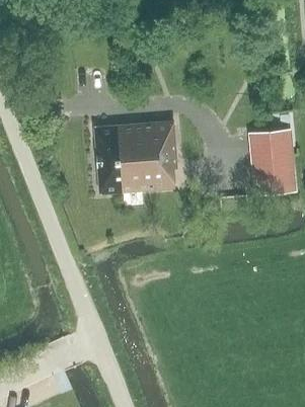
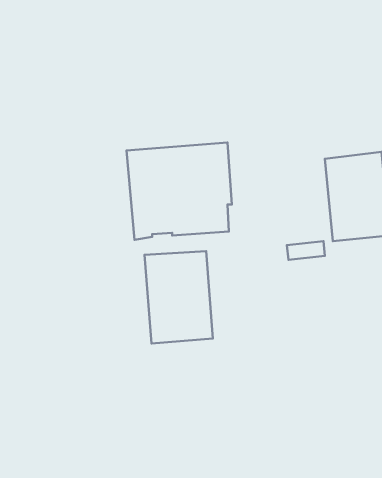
building: none -> [145,251,213,344]

